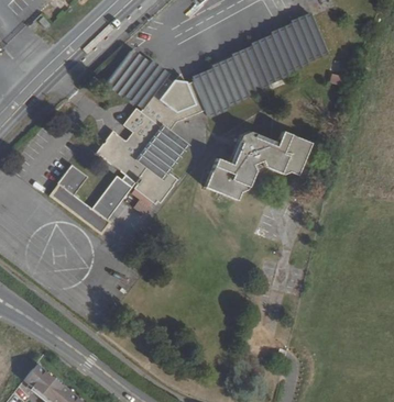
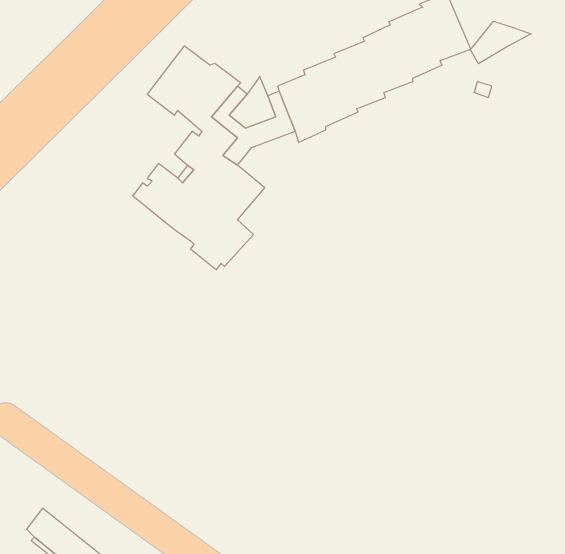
building: none -> [470,21,531,64]
building: [205,130,313,199] -> none
building: [52,163,136,232] -> none

